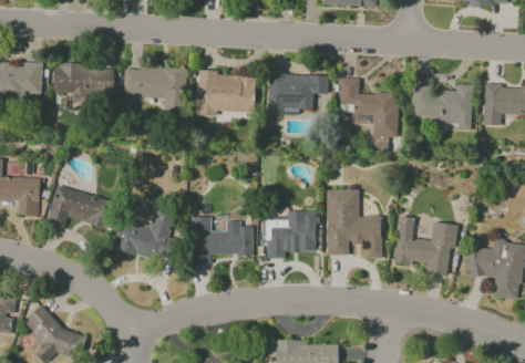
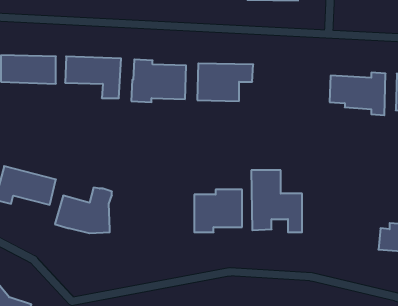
building: [339,77,398,149] -> none
building: [393,215,455,274] -> none
building: [192,216,251,262] -> none

